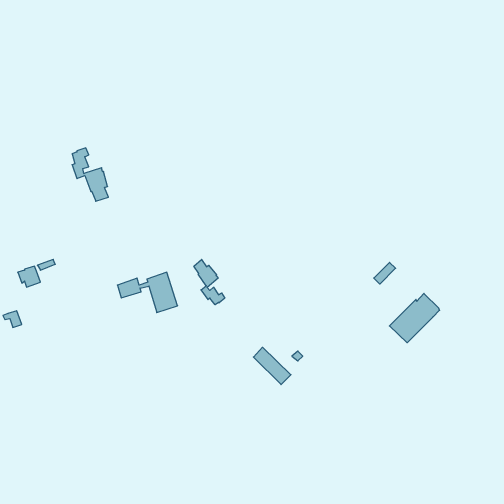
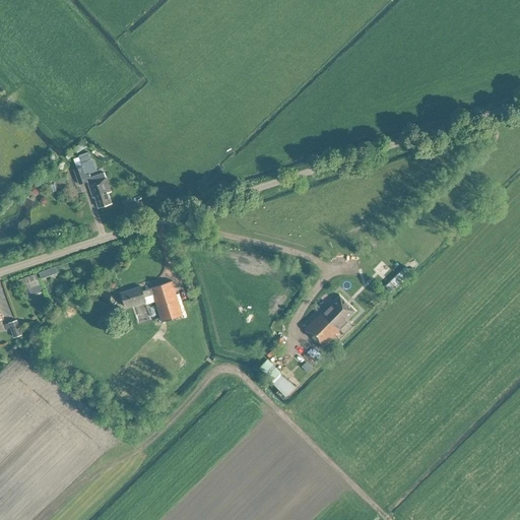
building: [194,259,225,305] -> none
building: [389,293,440,343] -> [304,296,355,346]

